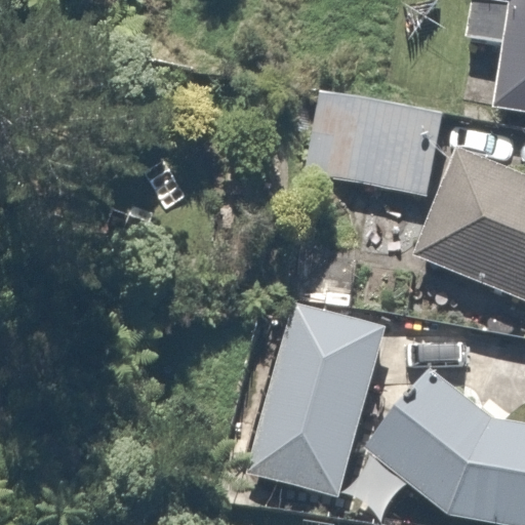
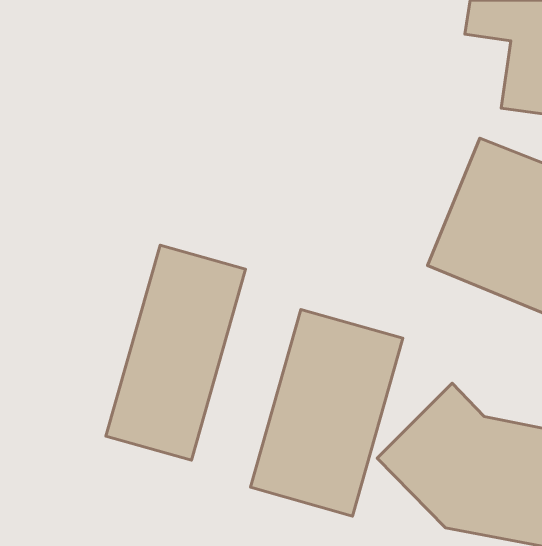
building: [296,90,443,200] -> none
building: none -> [106,245,246,460]

